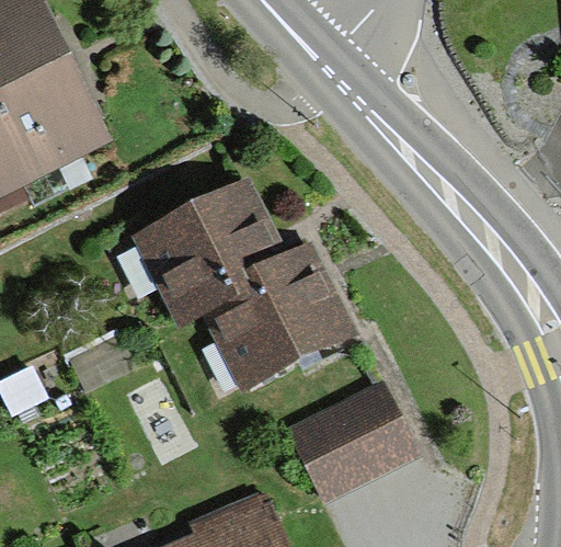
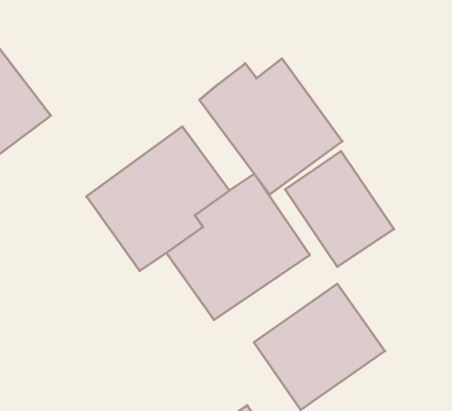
building: none -> [200,59,342,194]
building: none -> [285,151,394,267]

